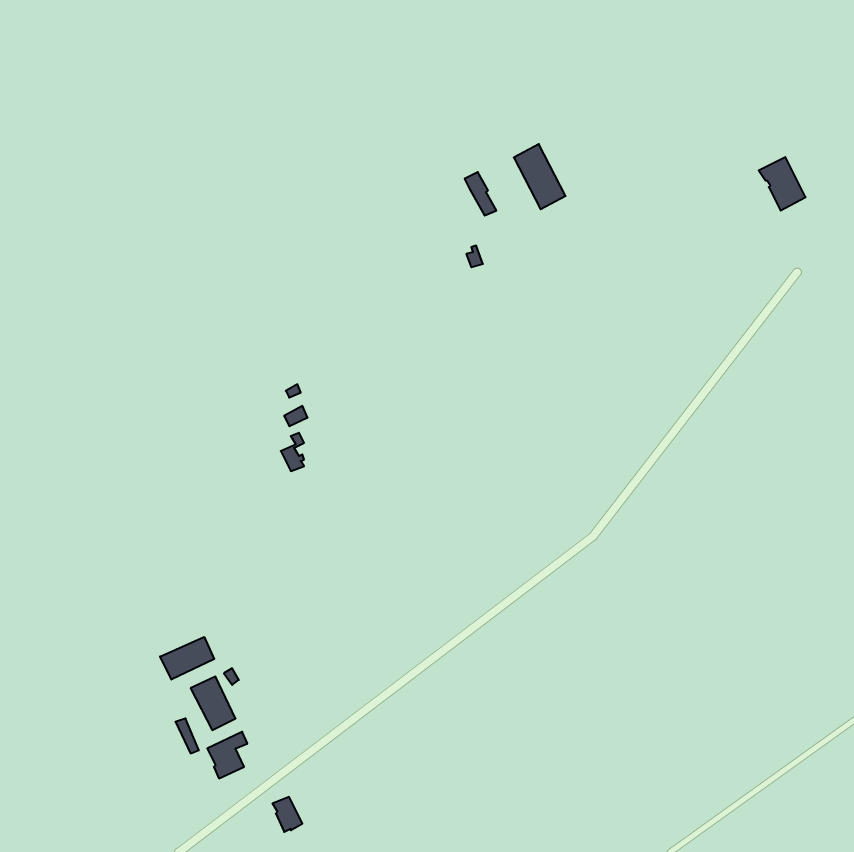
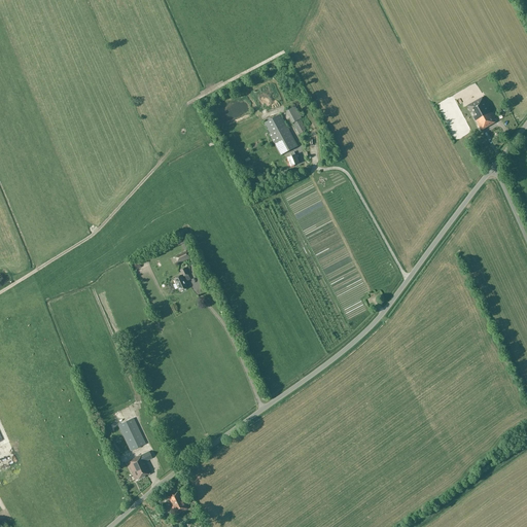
building: [514,144,566,209] -> [265,113,296,153]
building: [160,637,214,680] -> none

